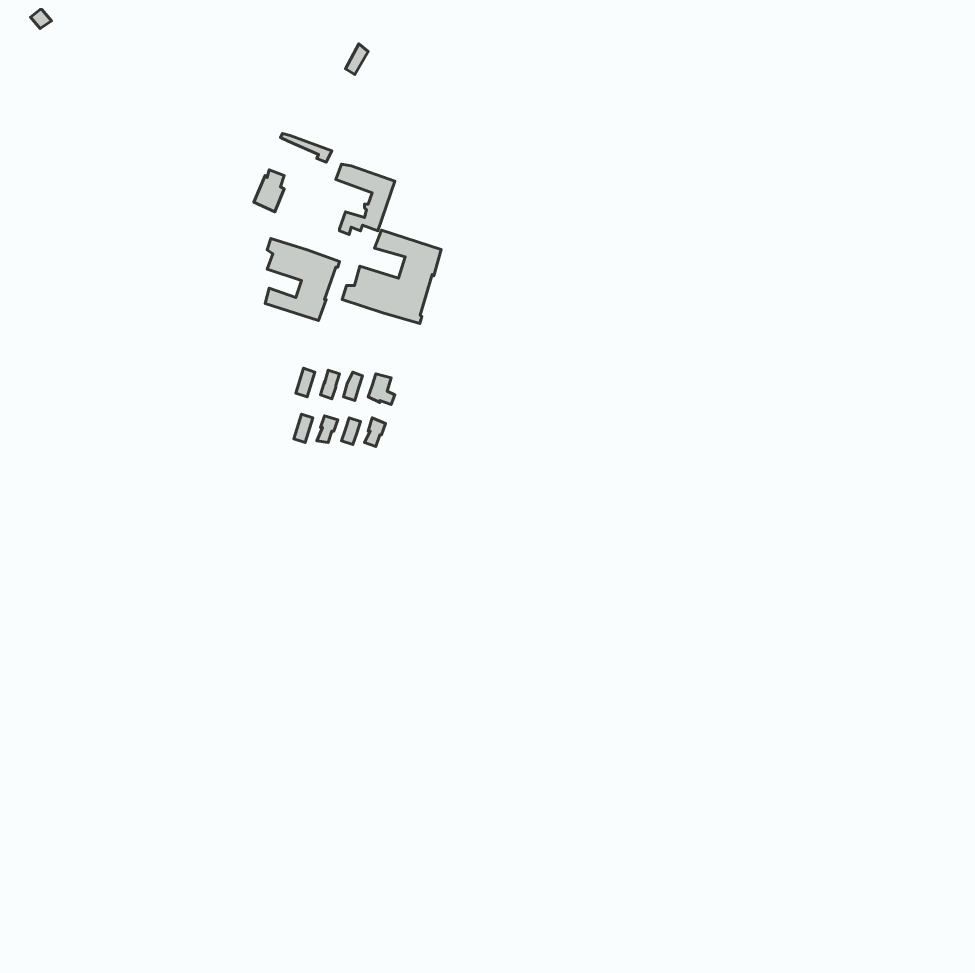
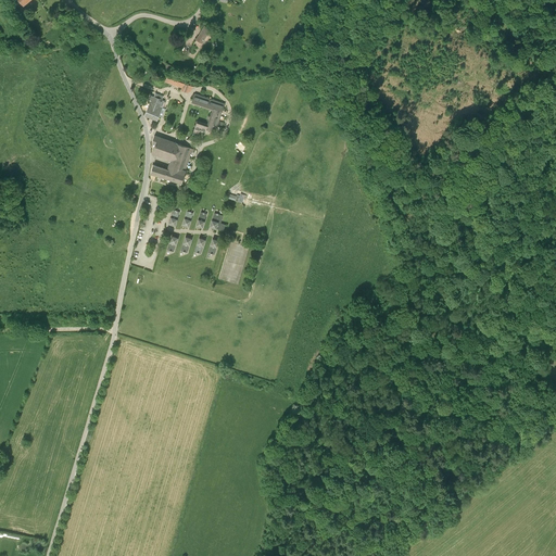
building: [342,230,441,323] -> none

